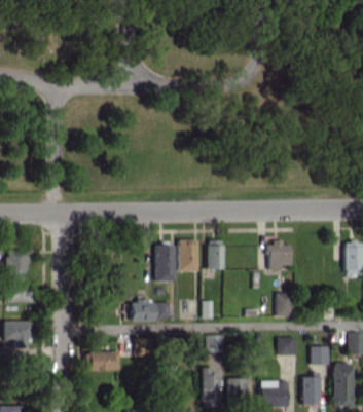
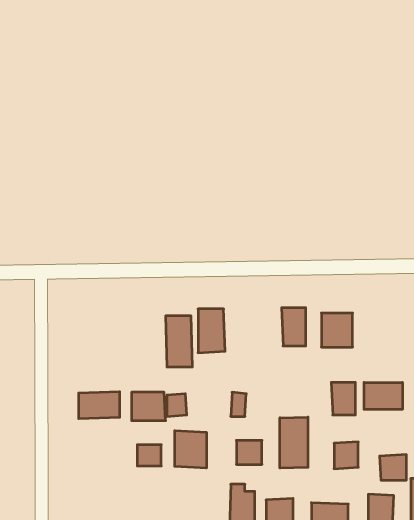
building: [207,240,224,268] -> [282,308,306,346]
building: none -> [364,382,402,409]
building: none -> [280,417,308,468]
building: none -> [175,431,206,468]
building: [89,350,119,370] -> [79,392,120,419]

